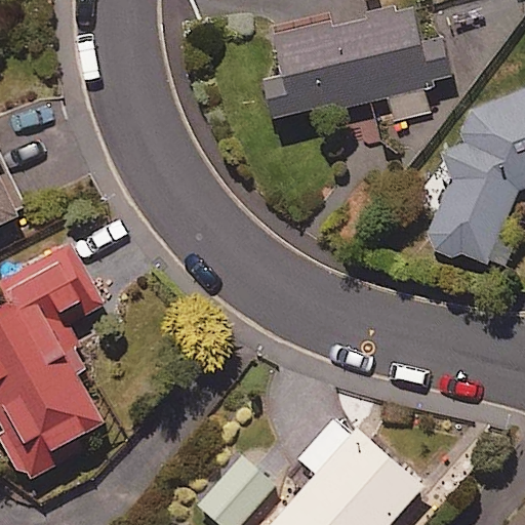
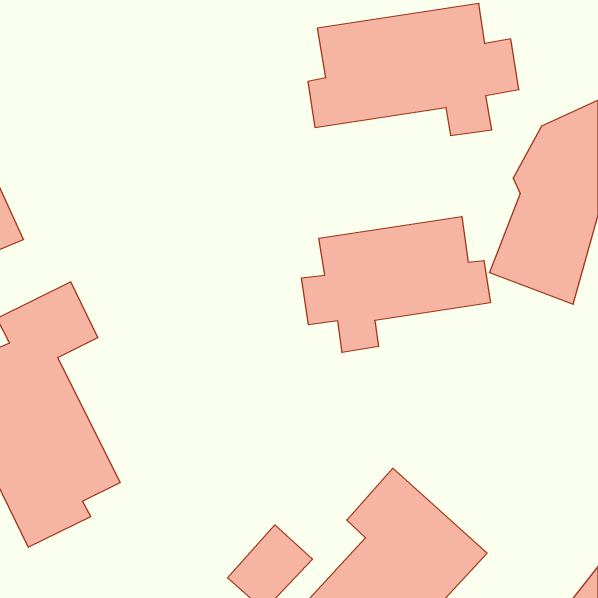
building: none -> [302,216,490,353]

